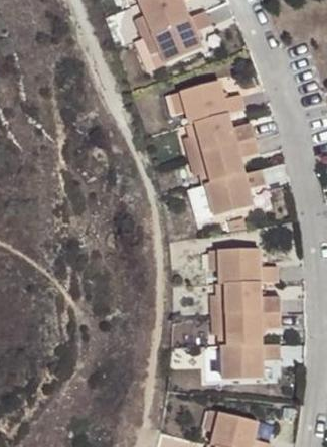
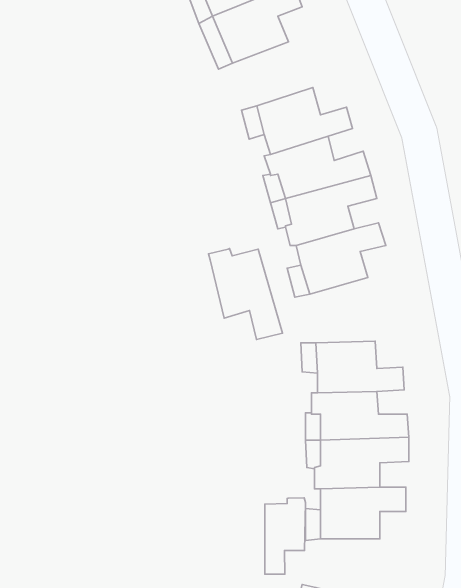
building: none -> [208,248,283,340]
building: none -> [265,498,305,574]

